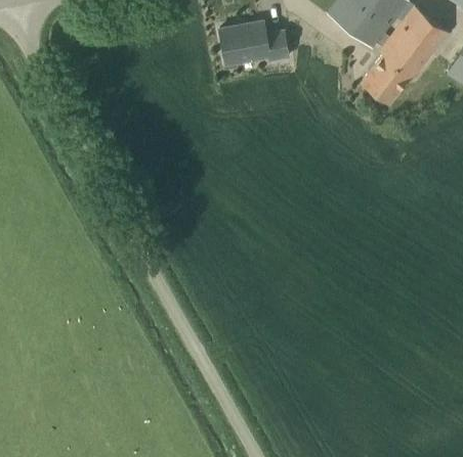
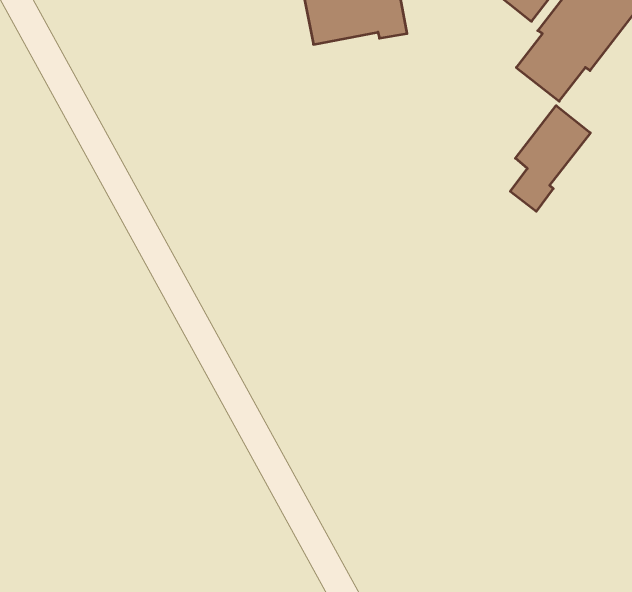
building: none -> [510,106,590,211]

